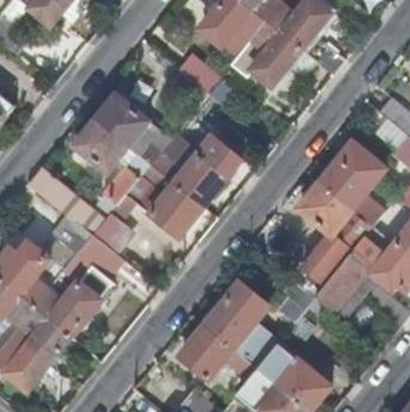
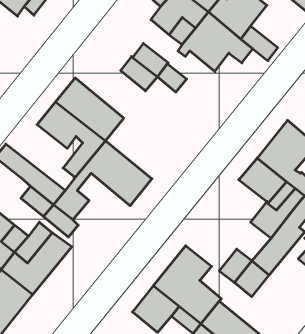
building: [150,132,240,205] -> none

